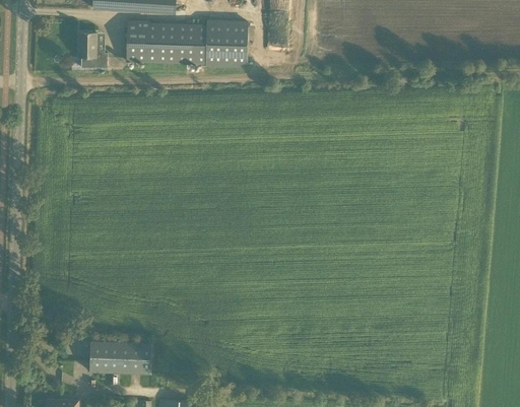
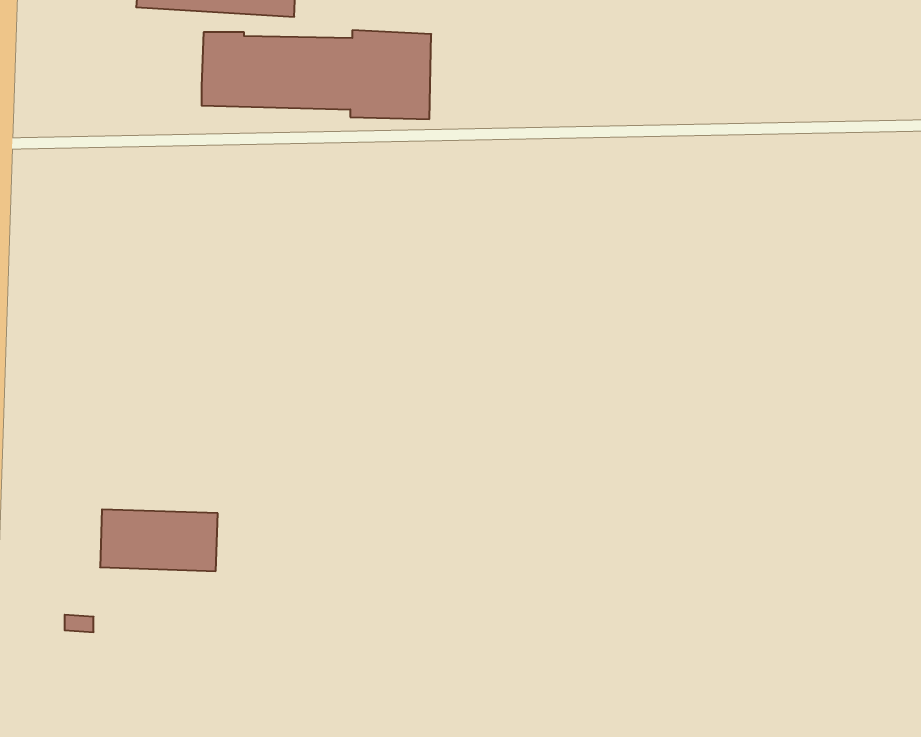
building: [78,32,108,68] -> none
building: [90,341,152,374] -> [100,509,218,571]

